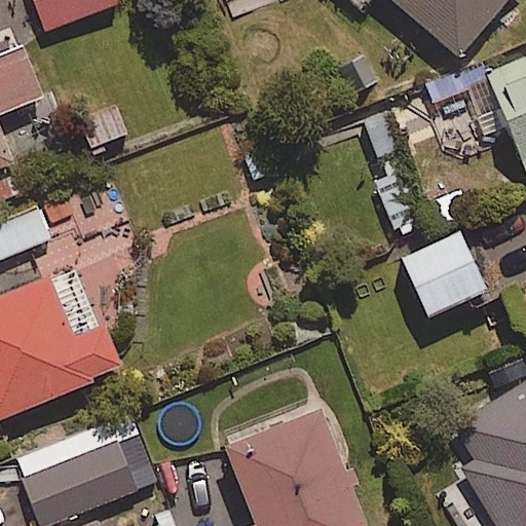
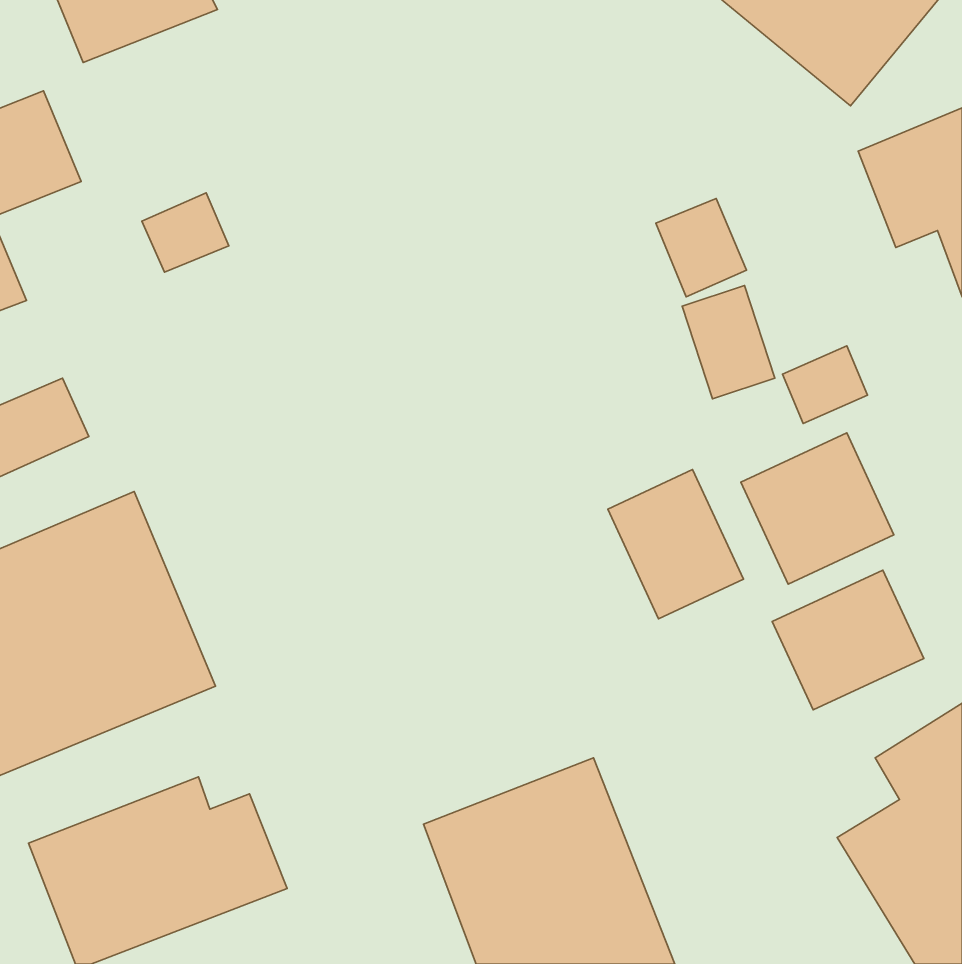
building: none -> [608,470,743,619]
building: none -> [772,570,924,710]

